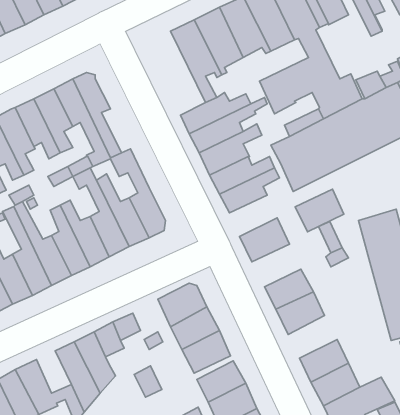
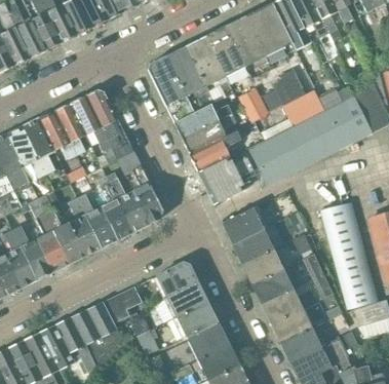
building: none -> [148,54,195,123]
building: [295,189,344,232] -> [233,229,273,264]
building: none -> [263,287,303,322]
building: none -> [56,316,85,351]

